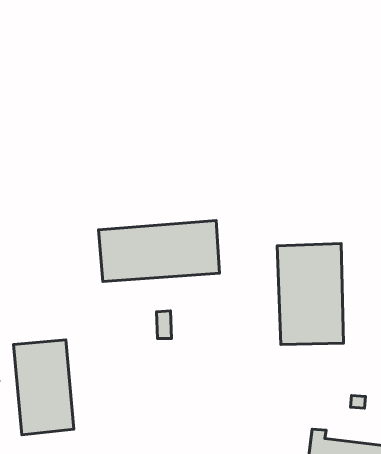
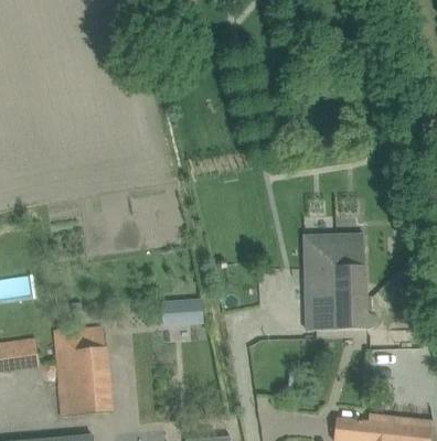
building: [98,220,219,281] -> none
building: none -> [161,300,190,327]

